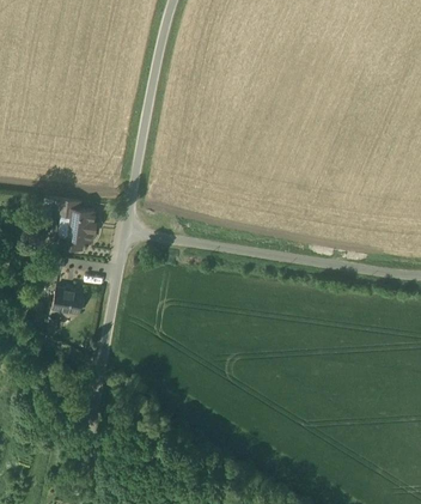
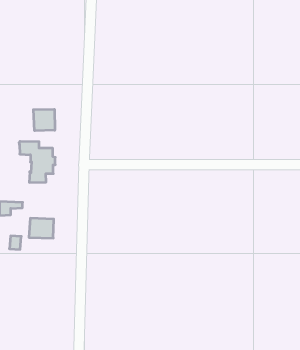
building: none -> [33,109,55,131]

